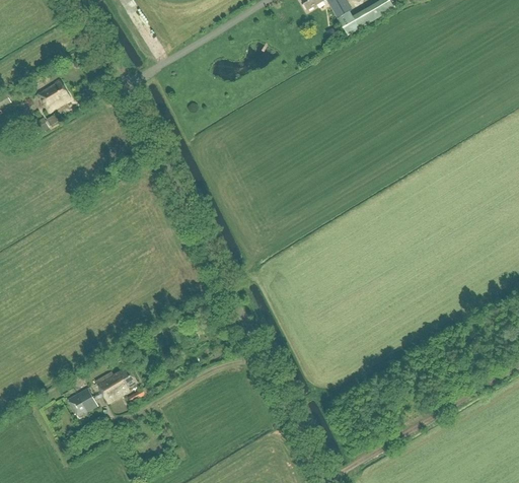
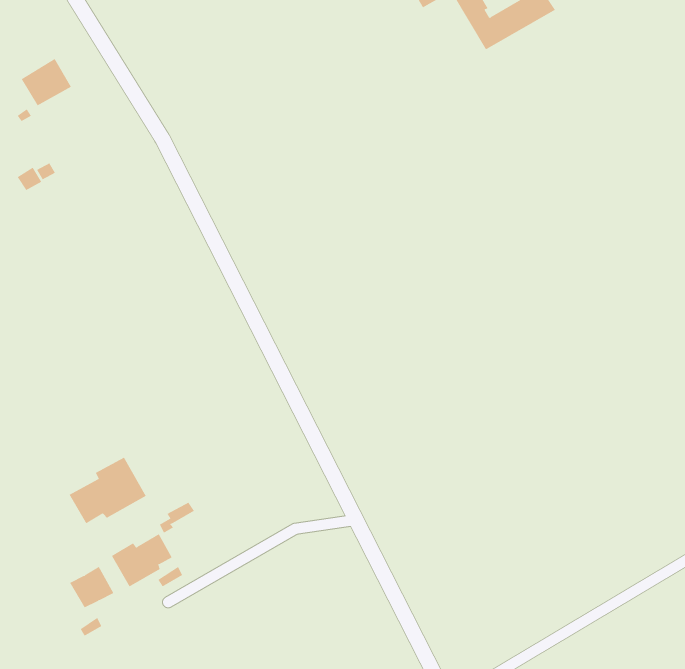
building: [36,79,71,112] -> [21,58,72,106]
building: none -> [69,457,147,524]

